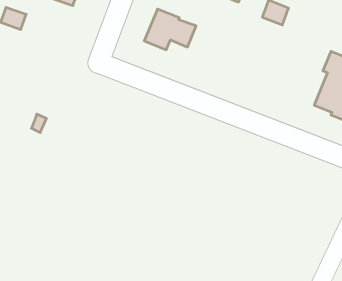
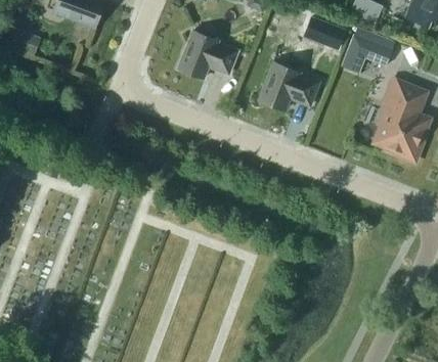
building: none -> [341,33,393,72]
building: none -> [260,61,319,108]

